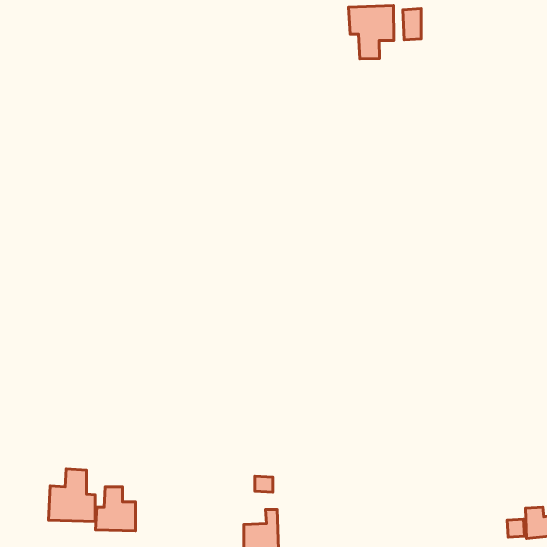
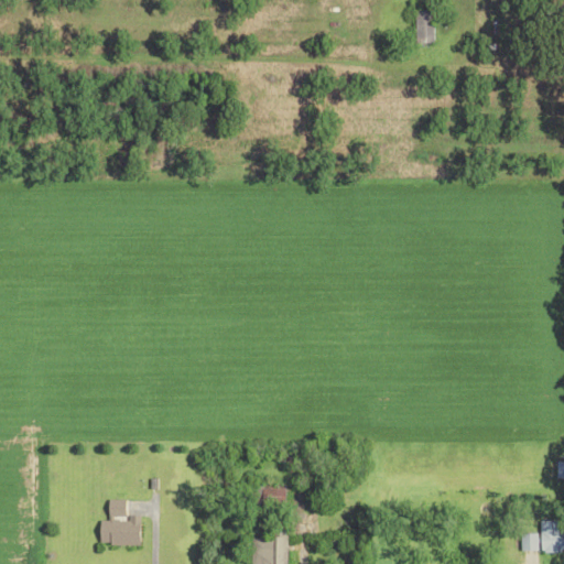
building: [349,6,394,59] -> none
building: [48,469,95,521] -> none

